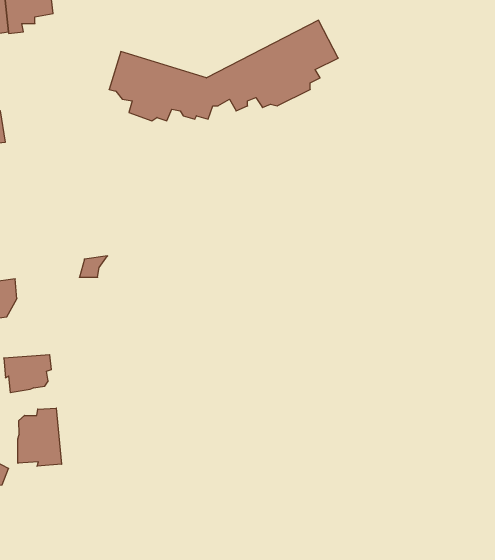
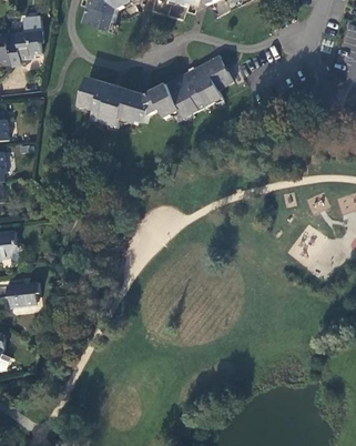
building: [18,408,62,466] -> none

